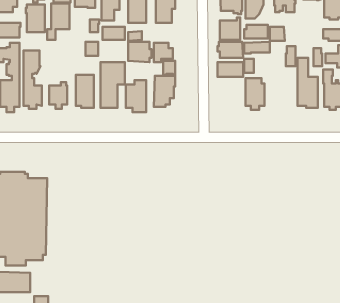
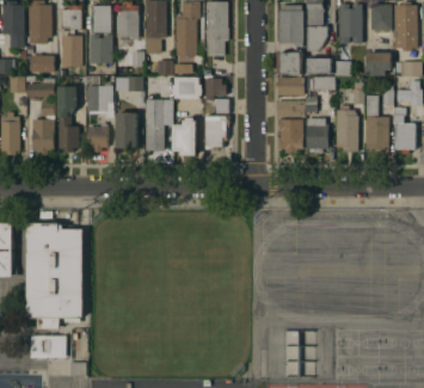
building: none -> [364,53,392,75]
building: none -> [86,85,112,111]
building: none -> [336,110,358,152]
building: none -> [278,118,303,153]

